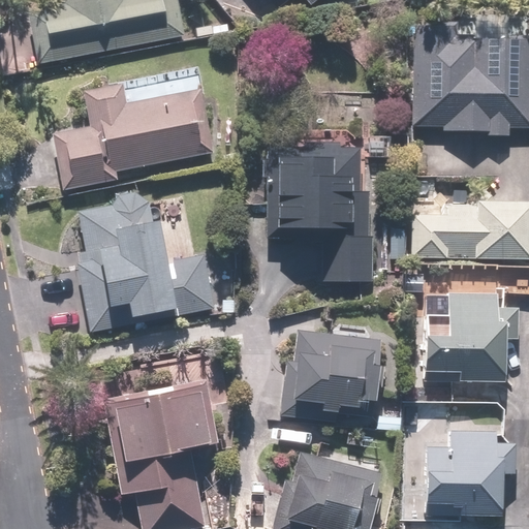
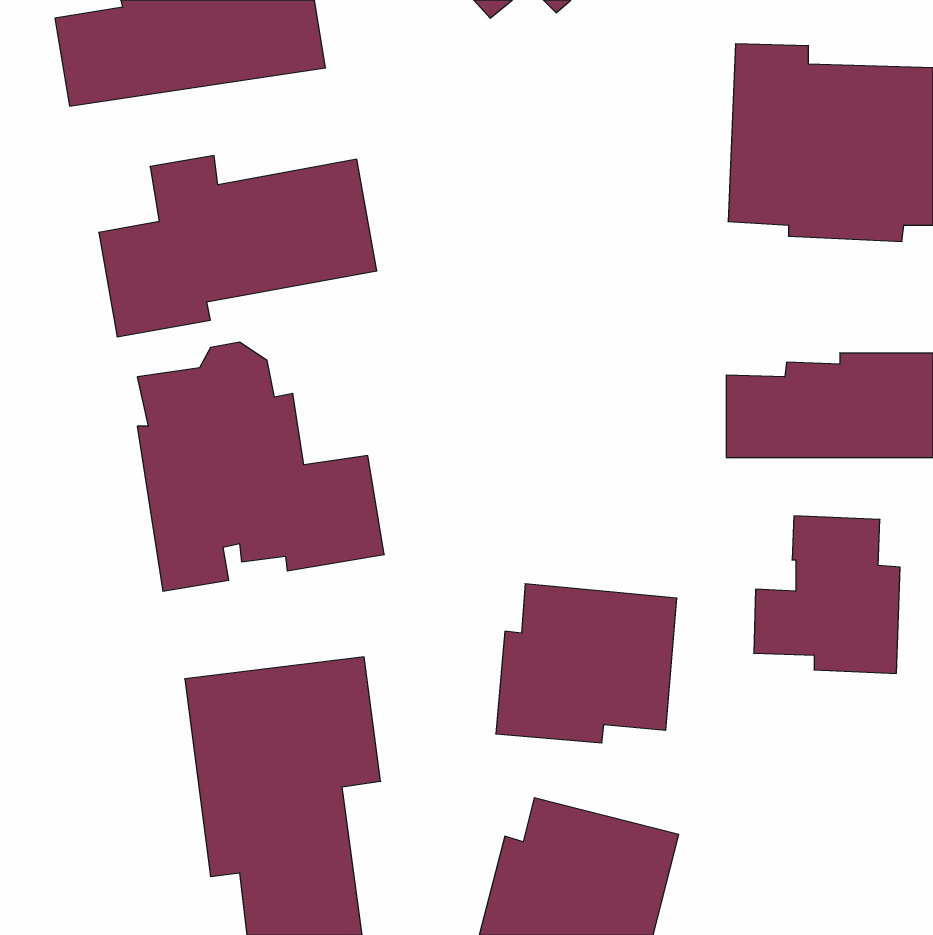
building: [267,145,372,281] -> none
building: [423,428,516,521] -> none

